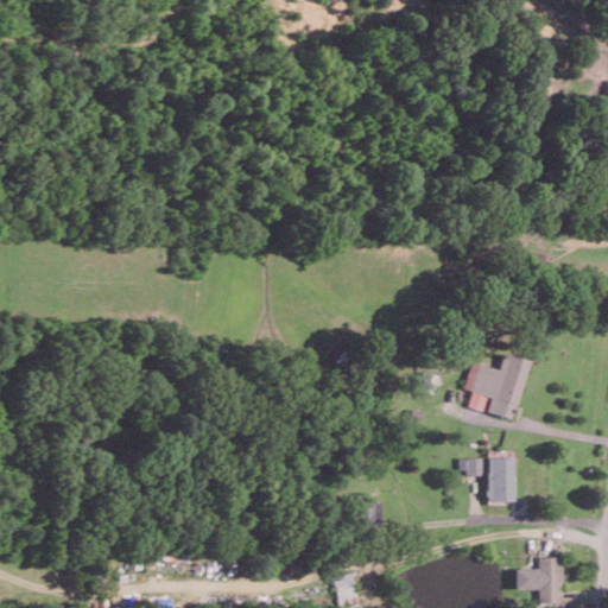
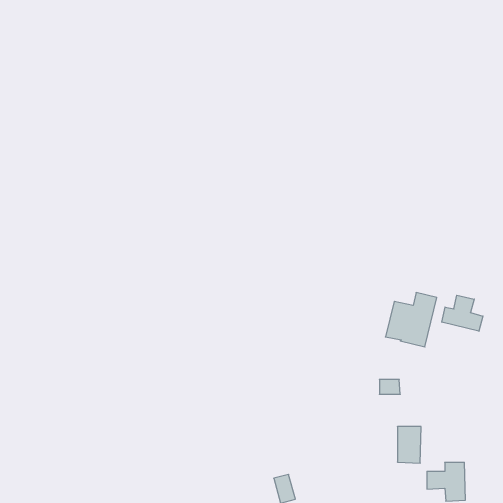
building: none -> [442,295,483,331]
building: [487,458,515,502] -> [397,427,421,463]

